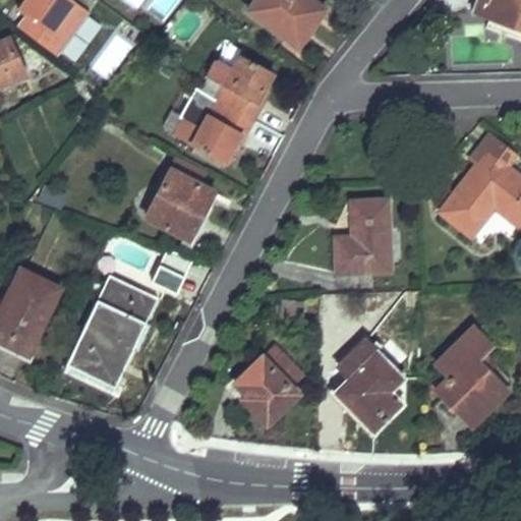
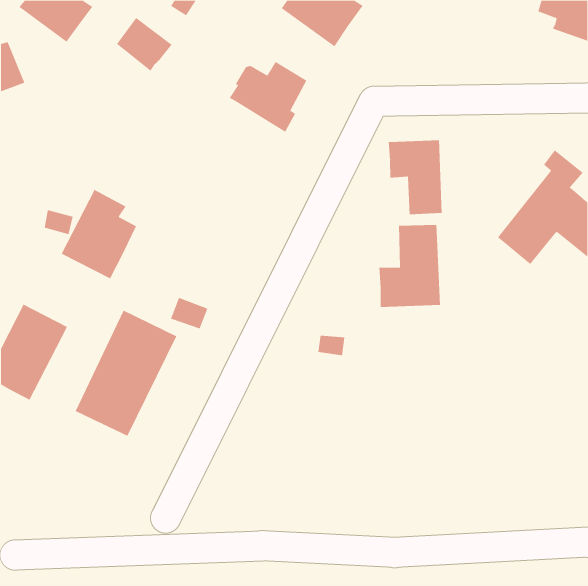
building: [192,92,252,162] -> none
building: none -> [388,139,442,215]
building: [146,161,213,240] -> [61,189,137,279]
building: [435,328,506,426] -> none
building: [337,343,401,428] -> none
building: [233,354,302,423] -> none

